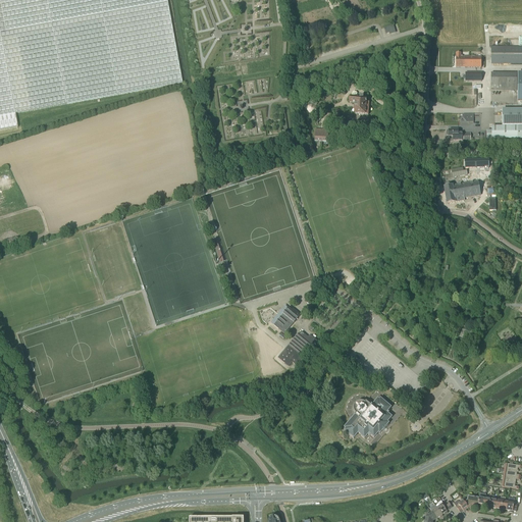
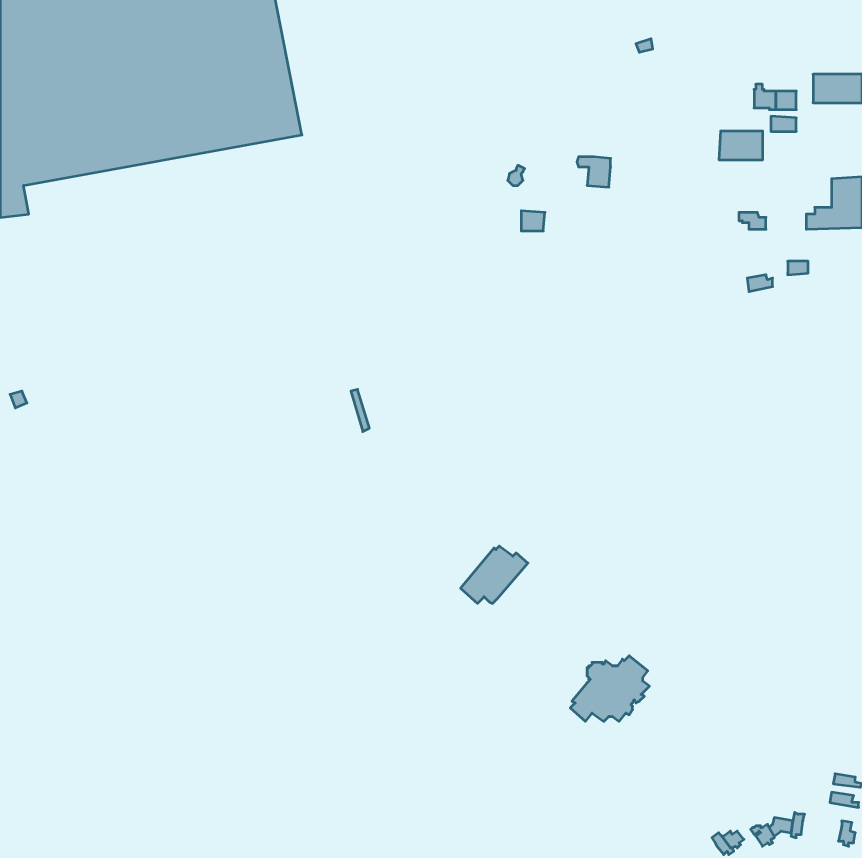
building: [490,71,517,89] -> [719,131,763,160]
building: [443,179,480,202] -> none
building: [271,304,301,332] -> none

